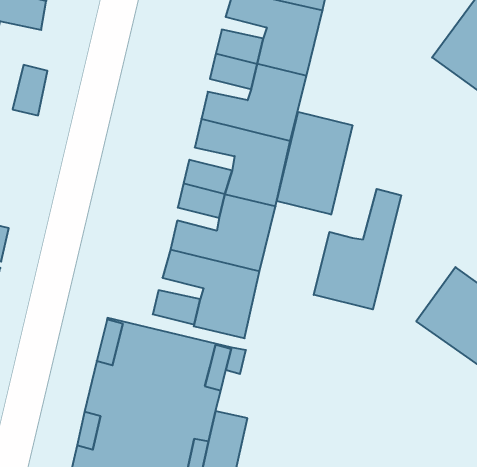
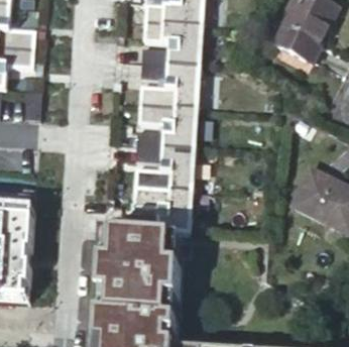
building: [277,112,352,215] -> none
building: [314,189,401,309] -> none

